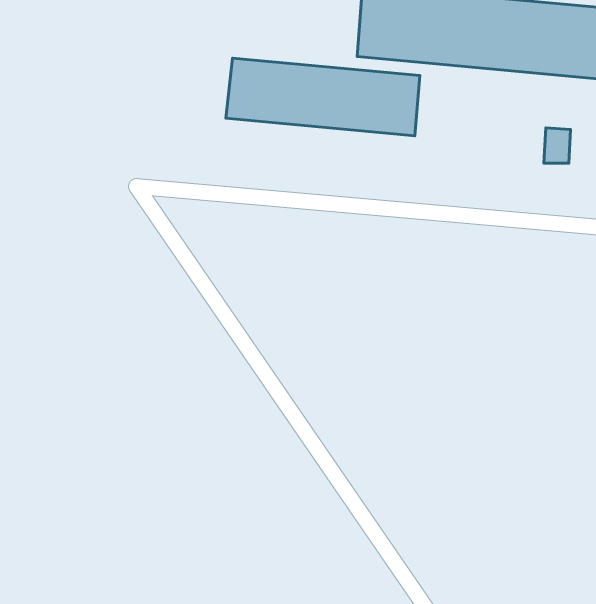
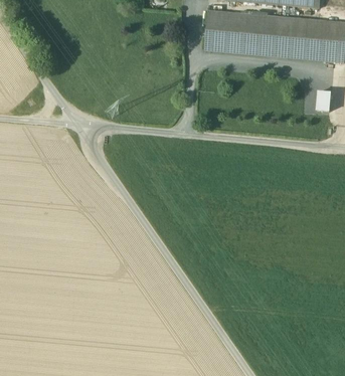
building: [226,58,420,136] -> none

